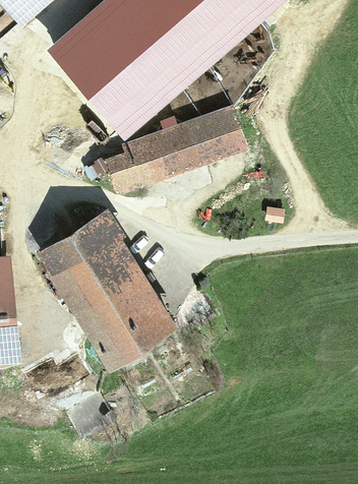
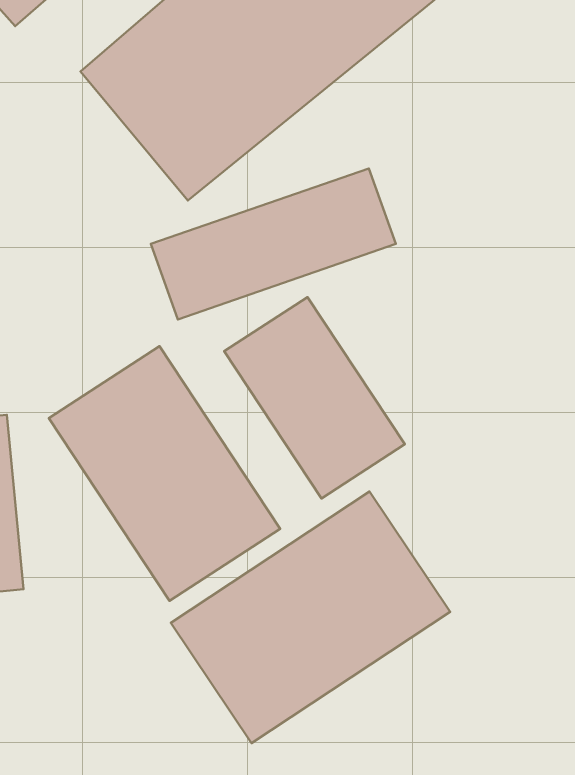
building: none -> [224,297,405,498]
building: none -> [171,492,450,743]

